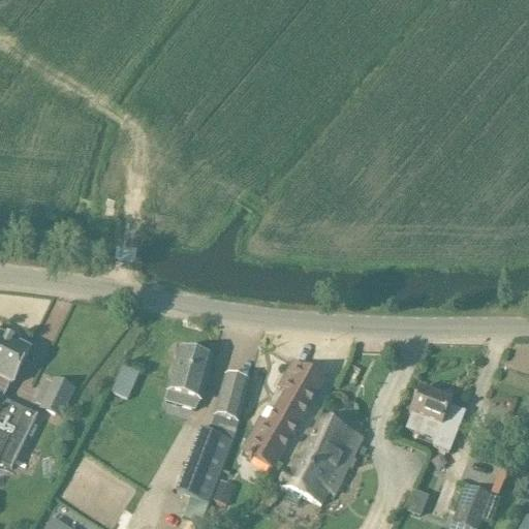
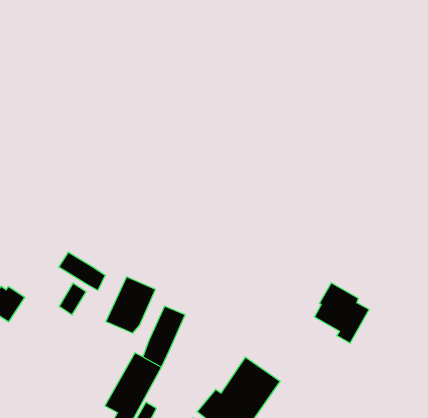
building: none -> [59,252,105,290]
building: [250,364,323,465] -> none
building: [407,385,465,447] -> [315,283,369,343]

